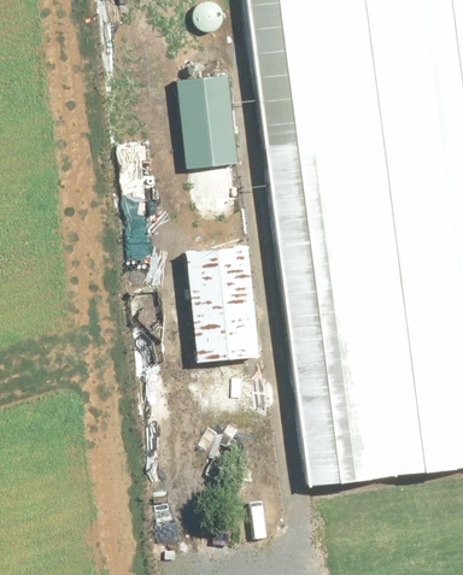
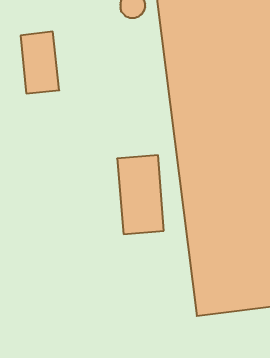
building: [181,76,239,169] -> [21,32,59,93]

